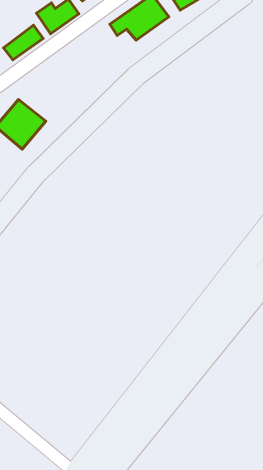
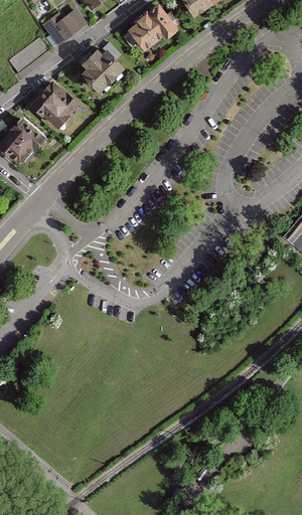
building: none -> [82,48,131,96]
building: none -> [30,78,83,129]

